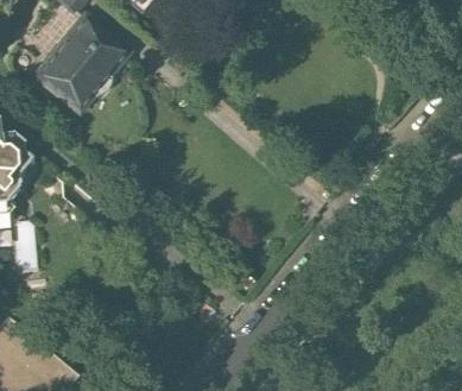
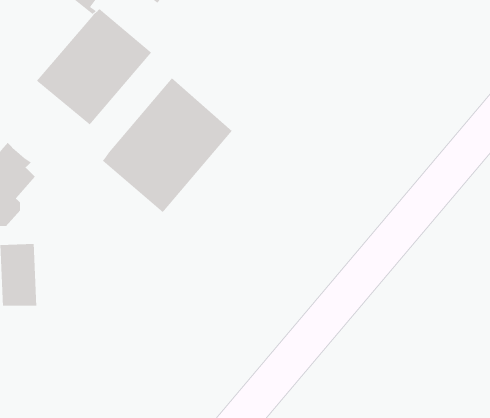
building: none -> [102,77,233,213]

